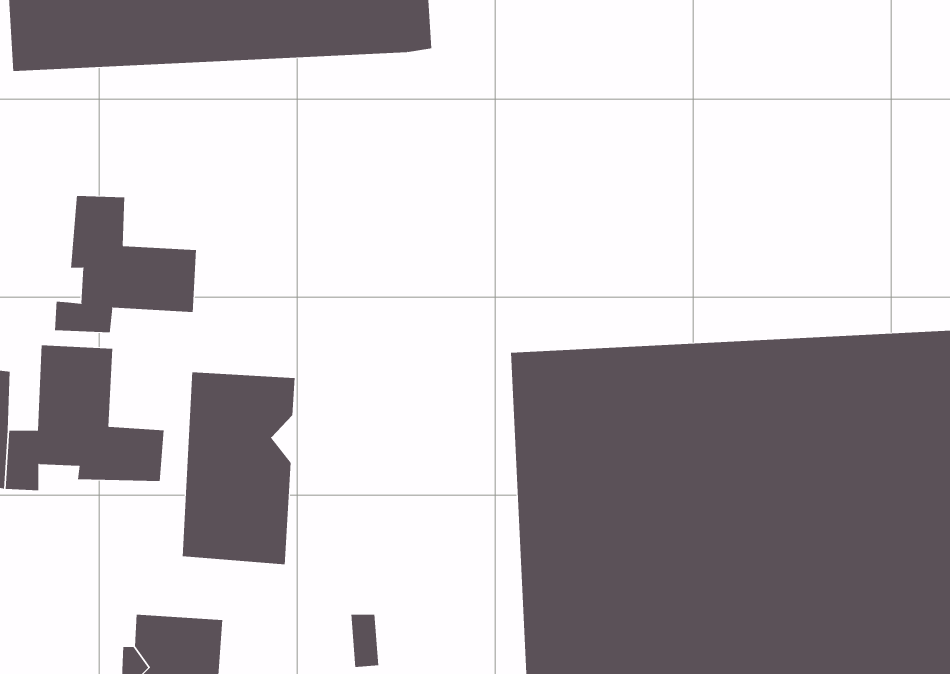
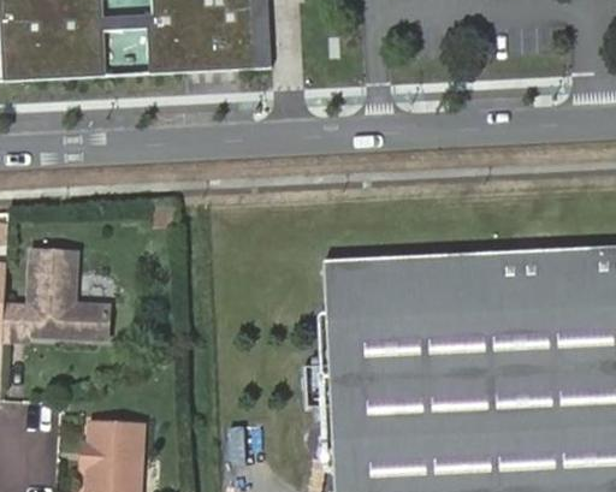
building: [55,195,196,333] -> none
building: [182,372,295,565] -> none

